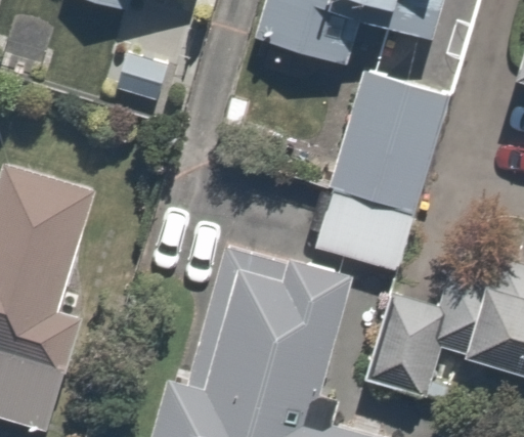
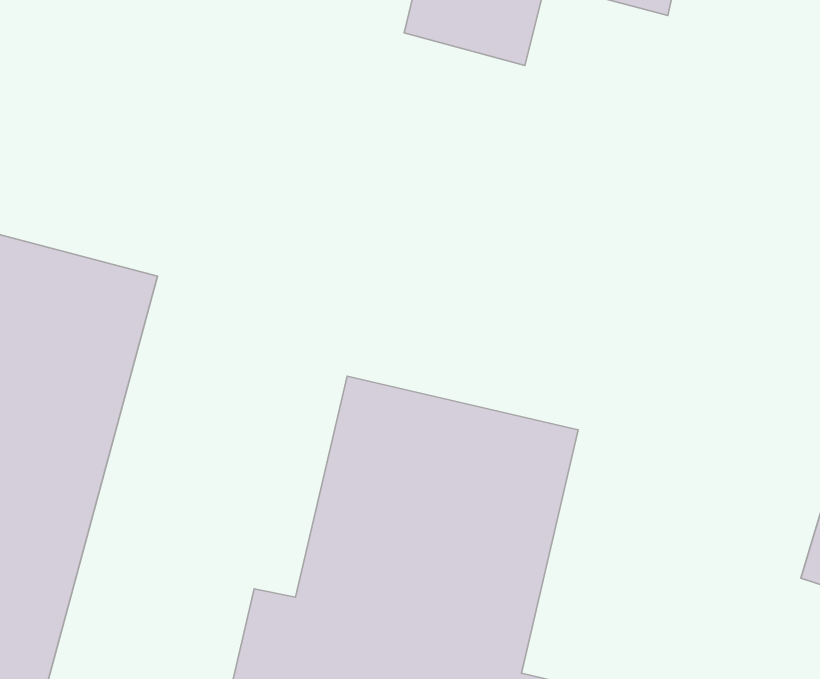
building: [323,72,441,264] -> none
building: [363,292,468,406] -> none

